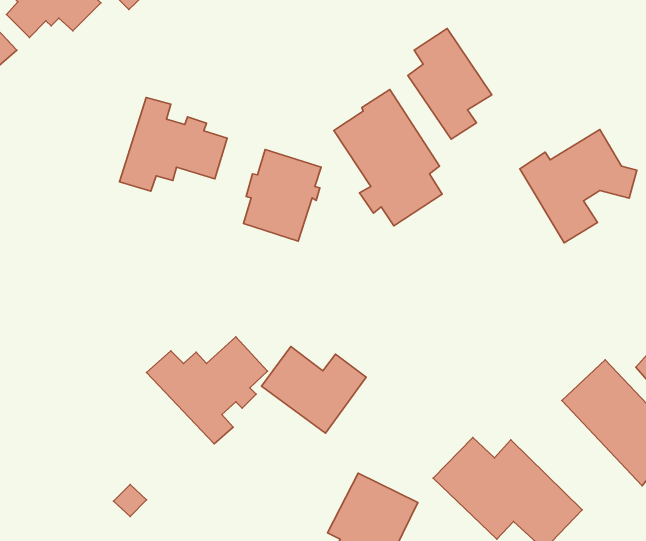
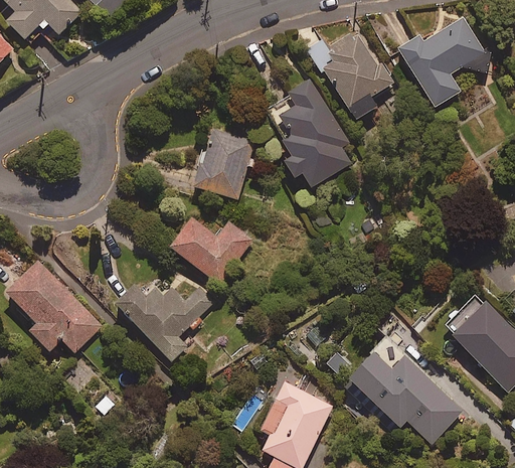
building: [119,97,227,191] -> none
building: [520,129,637,243] -> [399,17,492,107]
building: none -> [5,259,102,351]
building: [262,347,366,433] -> [169,215,251,284]

